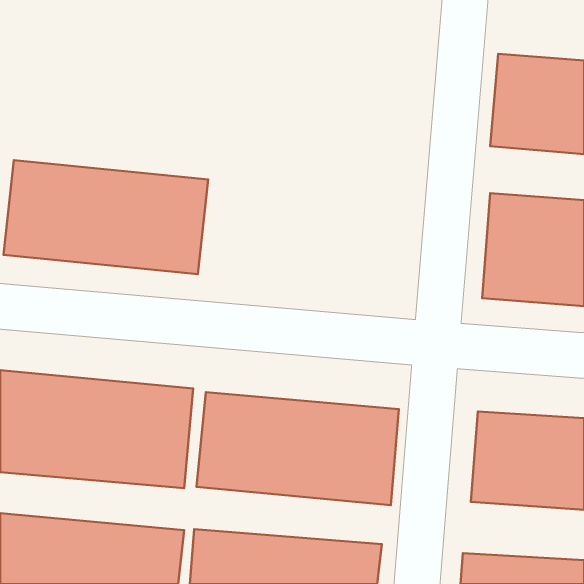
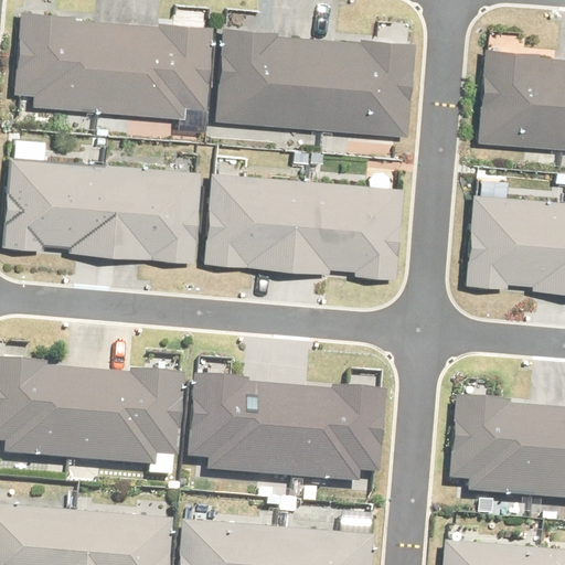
building: none -> [13,10,204,117]
building: none -> [213,28,411,143]
building: none -> [214,175,395,279]

